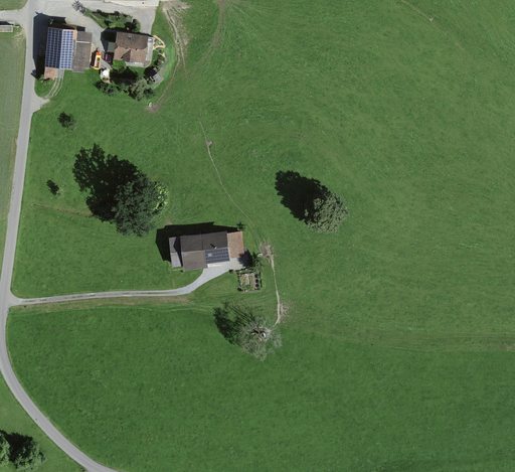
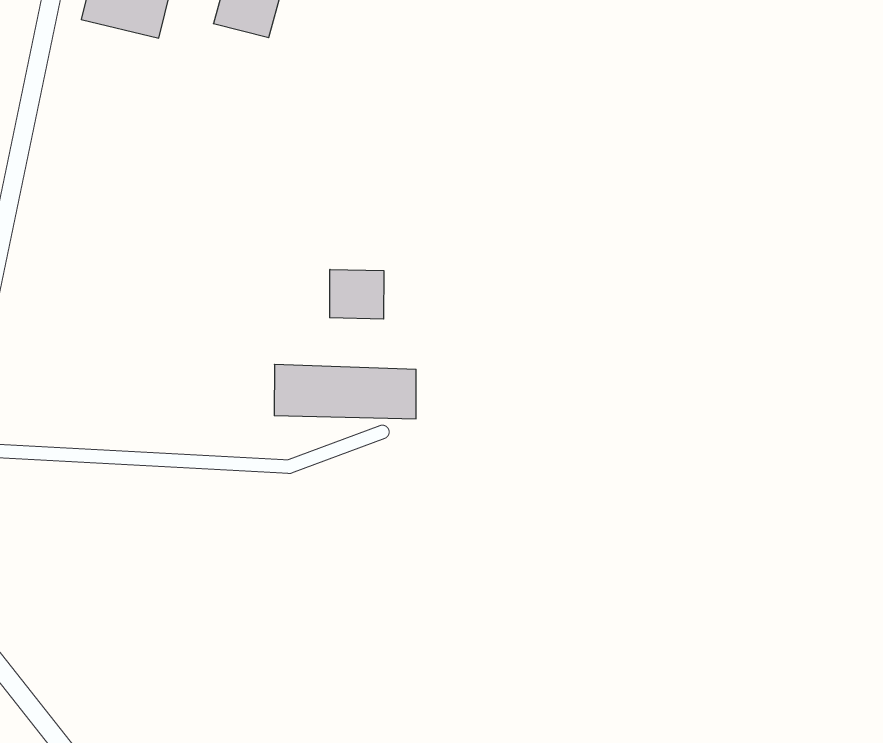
building: none -> [330,269,384,319]

